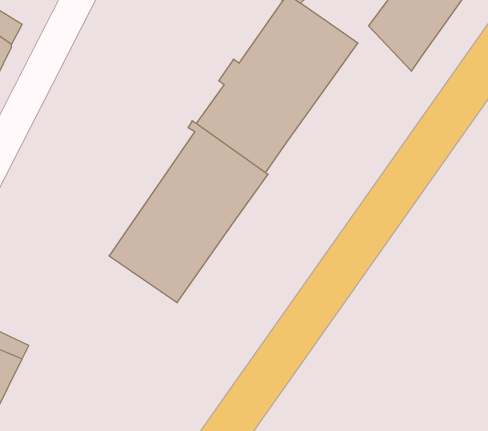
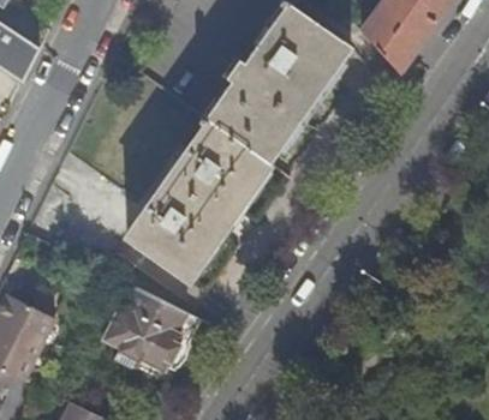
building: none -> [100,288,186,371]

